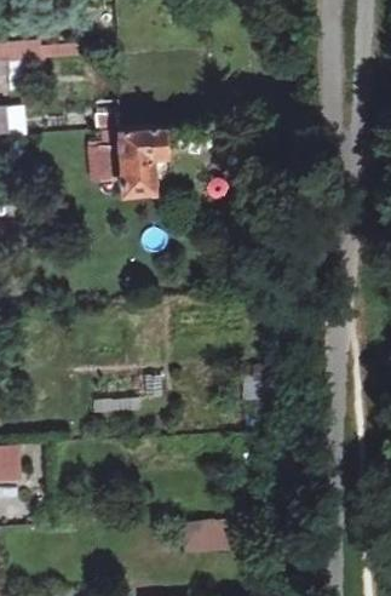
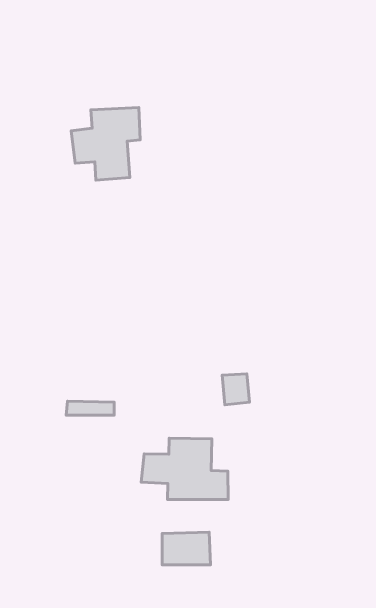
building: none -> [141,438,228,499]

